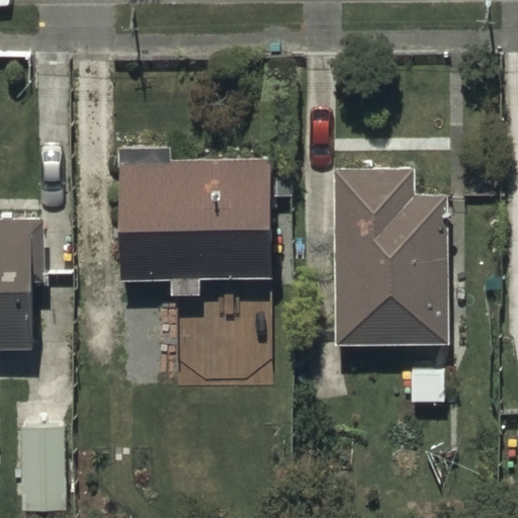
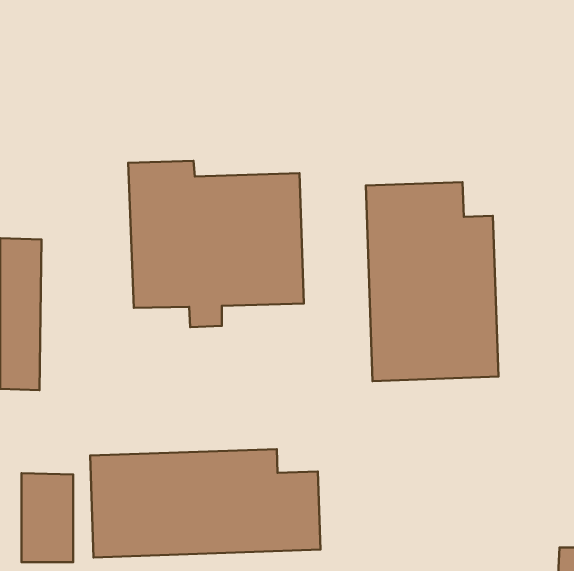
building: none -> [90,449,321,557]

